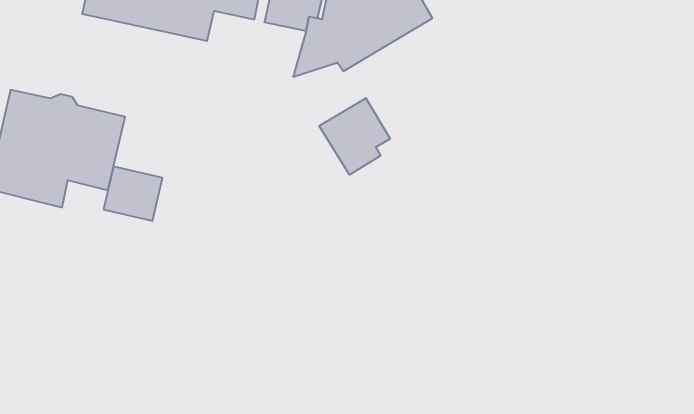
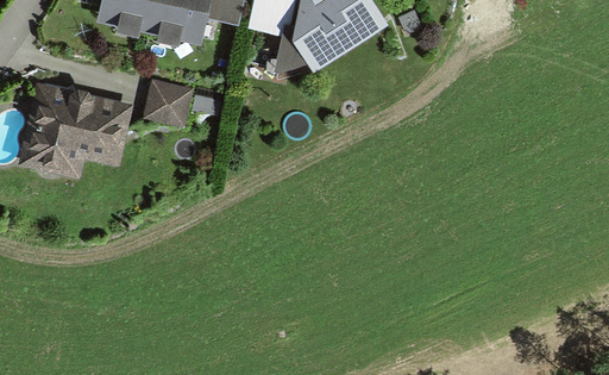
building: [319,98,390,175] -> none
building: [104,166,162,221] -> [143,80,192,125]

